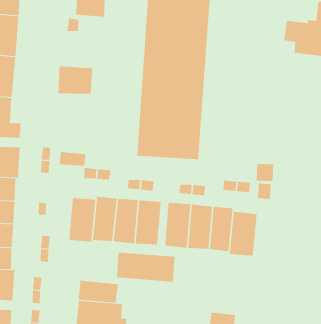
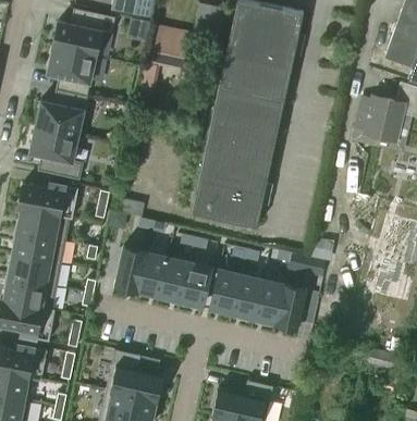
building: [58,66,93,95] -> none
building: [116,252,175,282] -> none
building: [78,279,118,303] -> none

